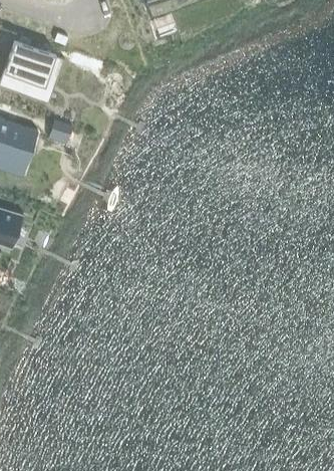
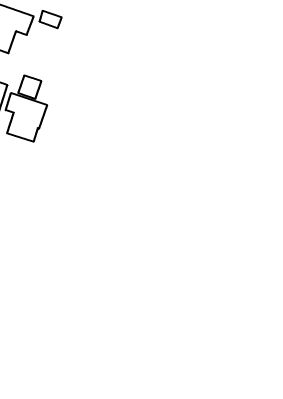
building: none -> [6,93,47,142]

